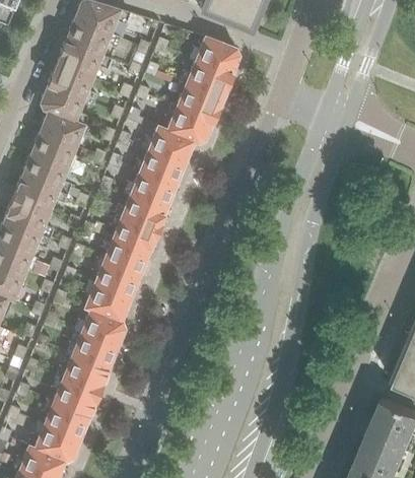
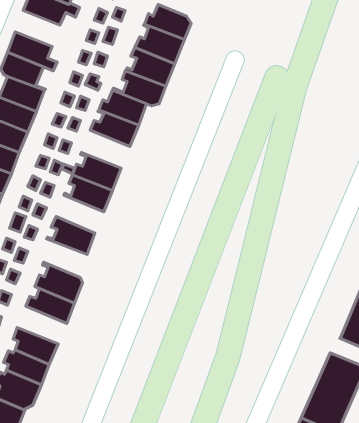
building: [55,43,113,80] -> none
building: [124,167,175,207] -> none
building: [97,235,147,275] -> none
building: [83,281,130,321] -> none
building: [57,351,109,391] -> none

